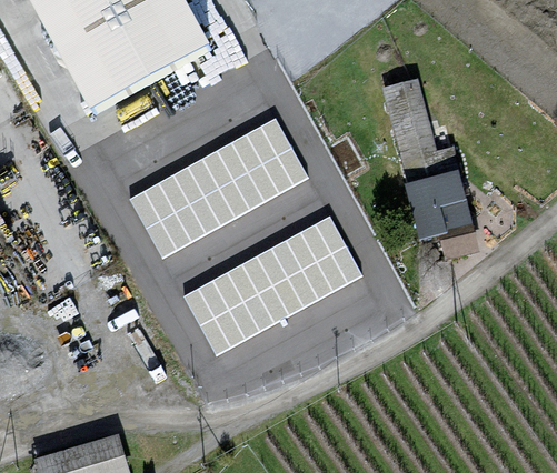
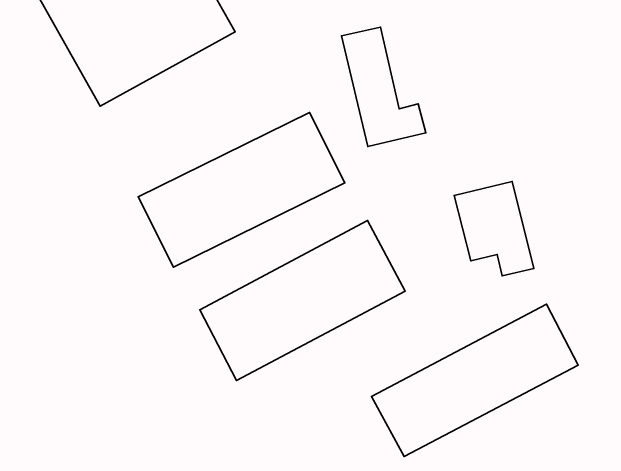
building: [384,85,458,191] -> [341,27,426,147]
building: none -> [372,304,578,457]

